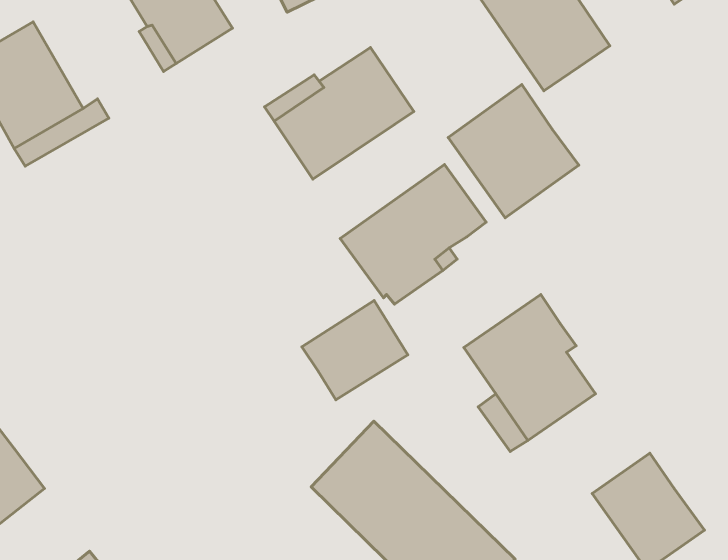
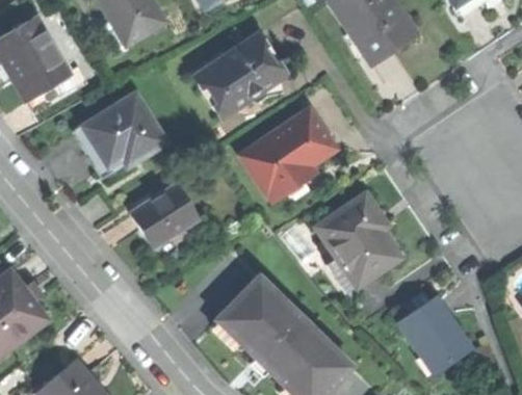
building: [448,85,579,218] -> none
building: none -> [80,94,165,169]
building: [302,300,408,400] -> [129,184,198,248]

